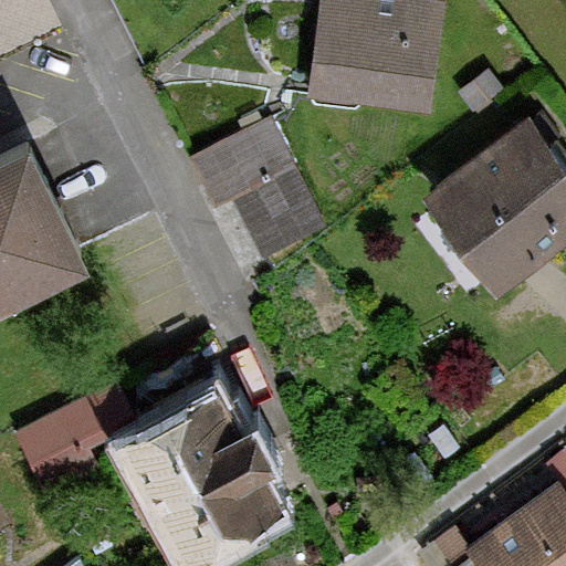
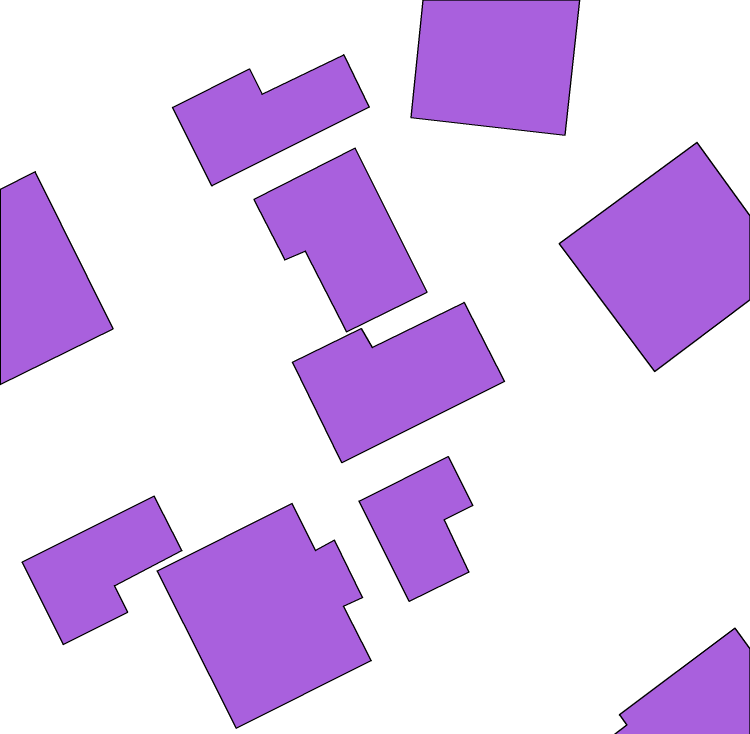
building: none -> [173,55,369,186]
building: none -> [292,302,504,463]
building: none -> [359,457,473,601]

